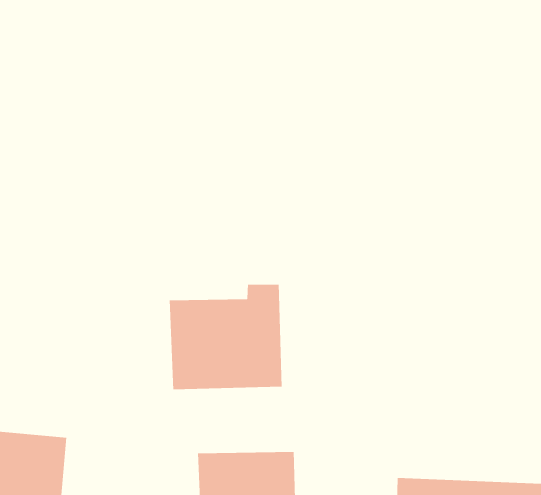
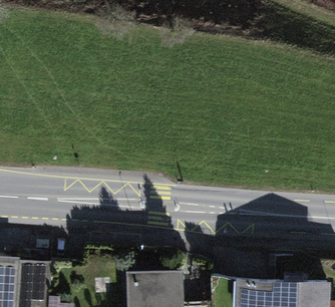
building: [169,284,282,390] -> none

